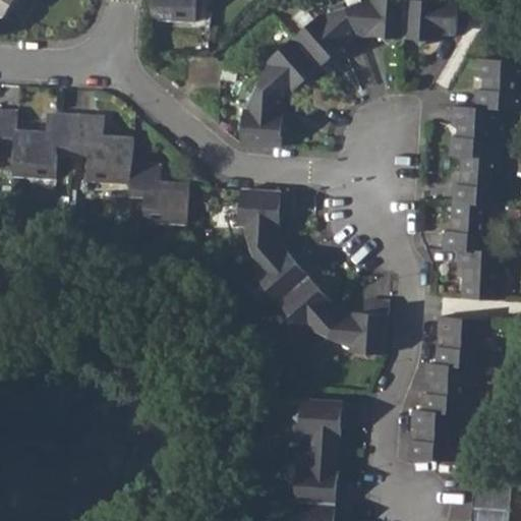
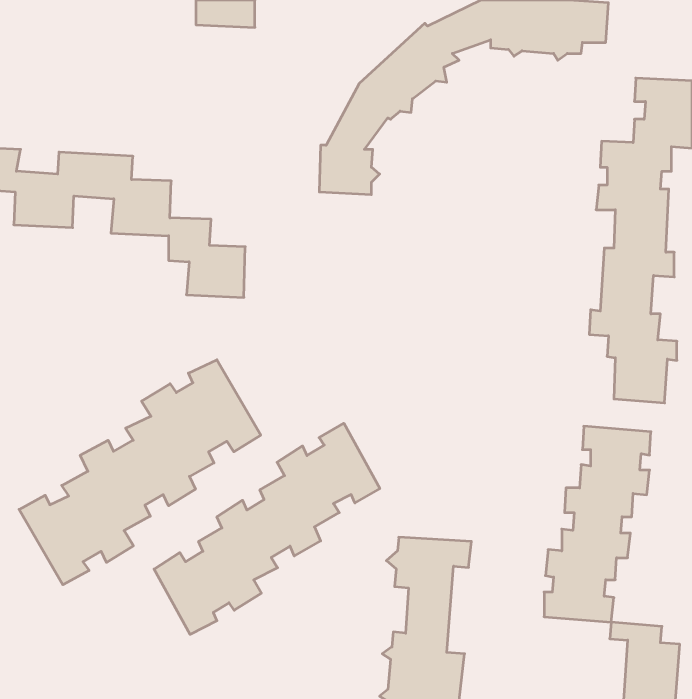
building: [230,190,384,359] -> none
building: none -> [19,360,261,585]
building: none -> [154,423,380,634]

